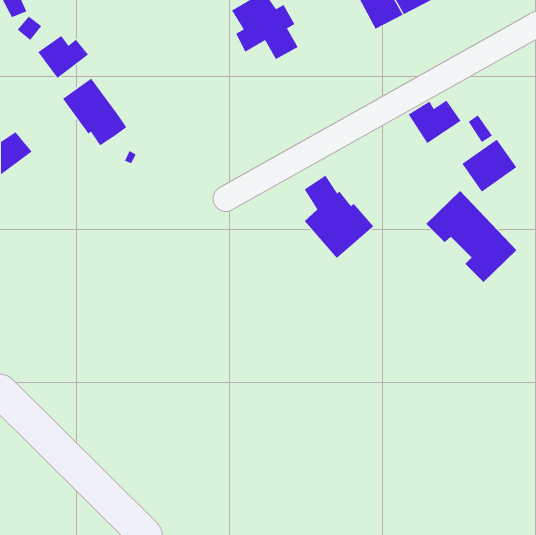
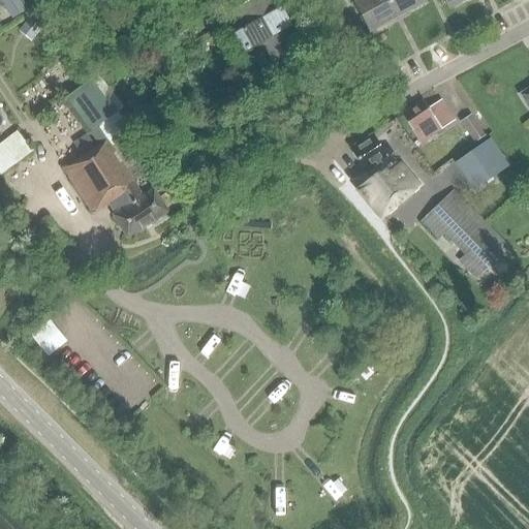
building: [38,35,89,79] -> none
building: none -> [64,137,168,237]
building: [304,175,374,259] -> [350,132,419,215]

